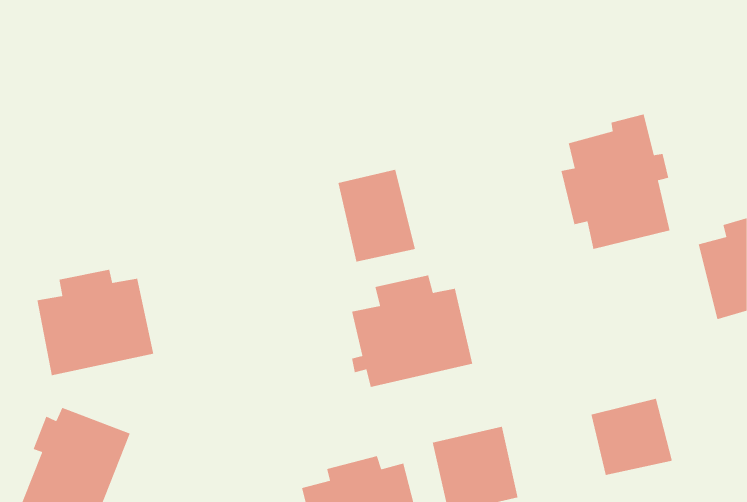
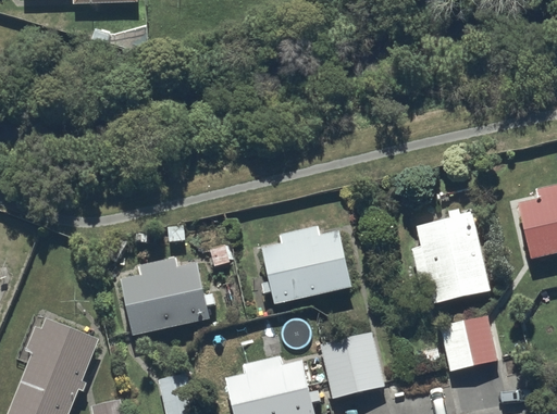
building: [560,113,671,250] -> [409,205,491,306]
building: [338,169,416,262] -> none
building: [37,269,154,376] -> [122,256,209,336]

